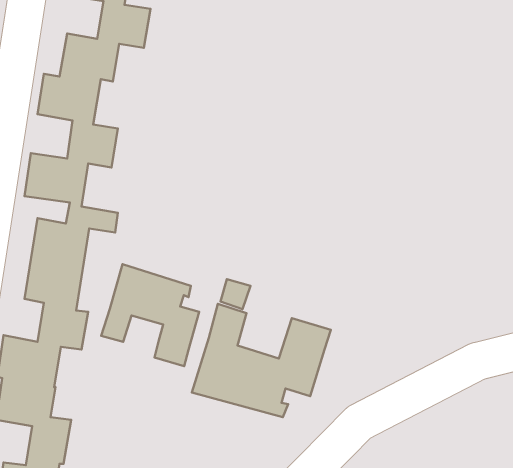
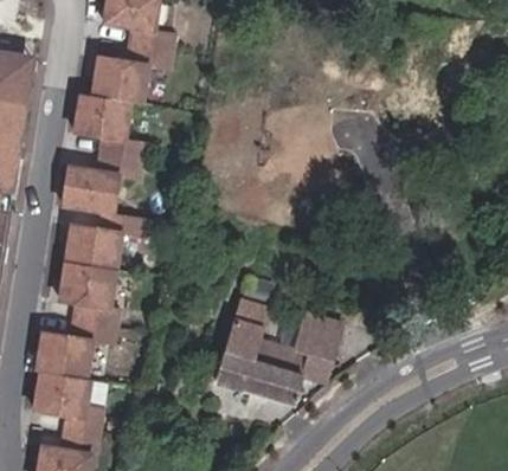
building: [101,264,199,366] -> none

